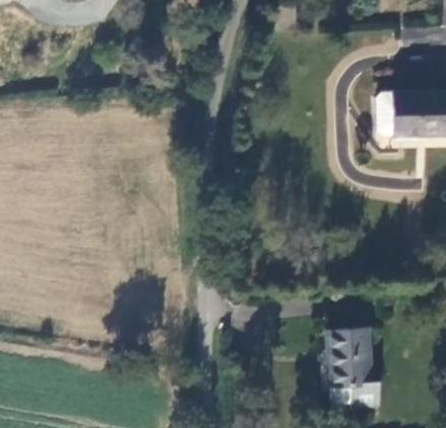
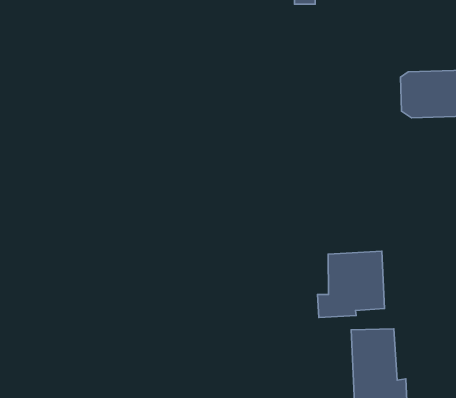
building: none -> [317,251,384,318]

